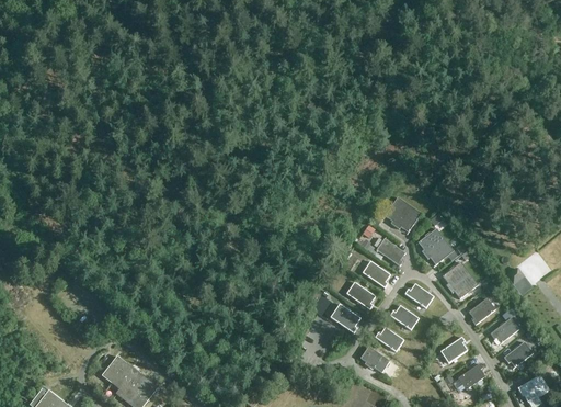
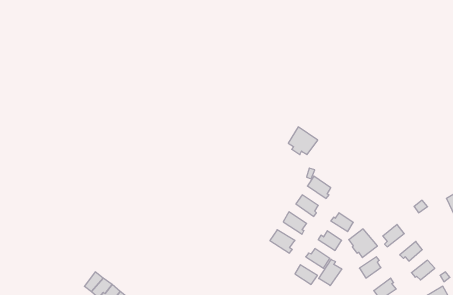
building: [385,196,421,230] -> [288,127,318,155]
building: [417,227,454,263] -> none
building: [445,261,480,296] -> [349,229,377,258]
building: none -> [319,259,342,286]

